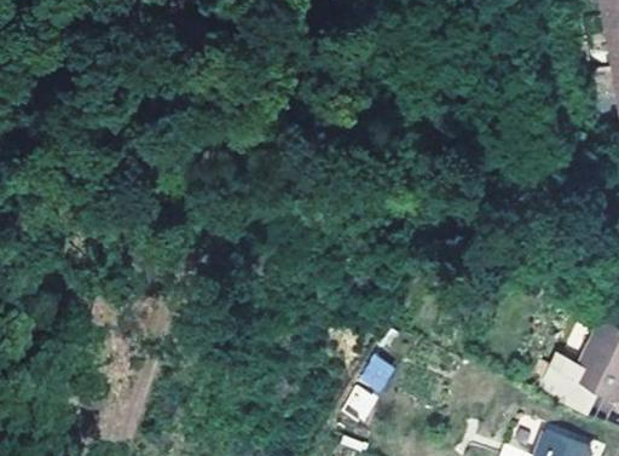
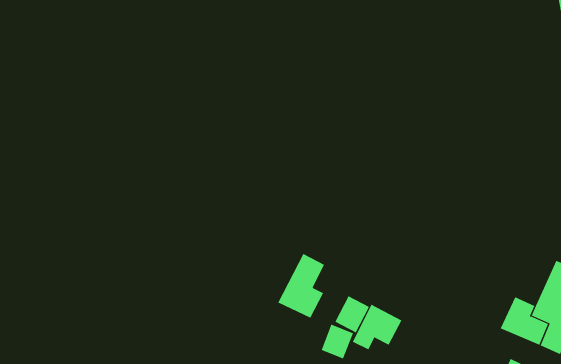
building: none -> [277,253,325,319]
building: none -> [352,304,402,350]

